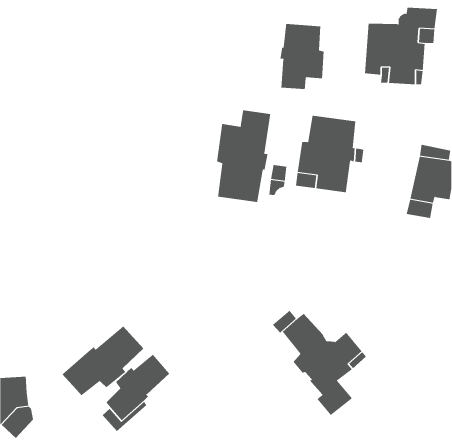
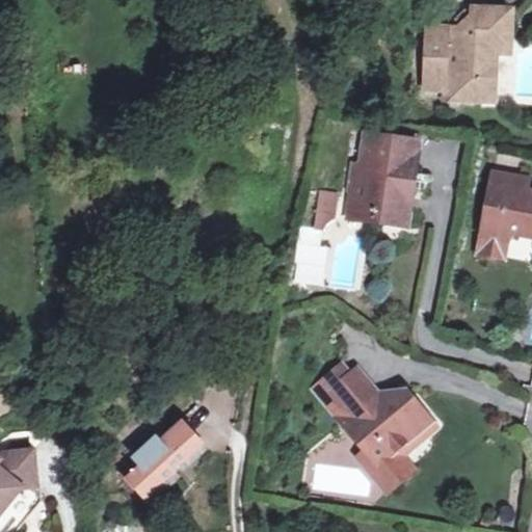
building: [280,23,324,90] -> none
building: [216,110,271,203] -> none
building: [61,325,144,396] -> none

